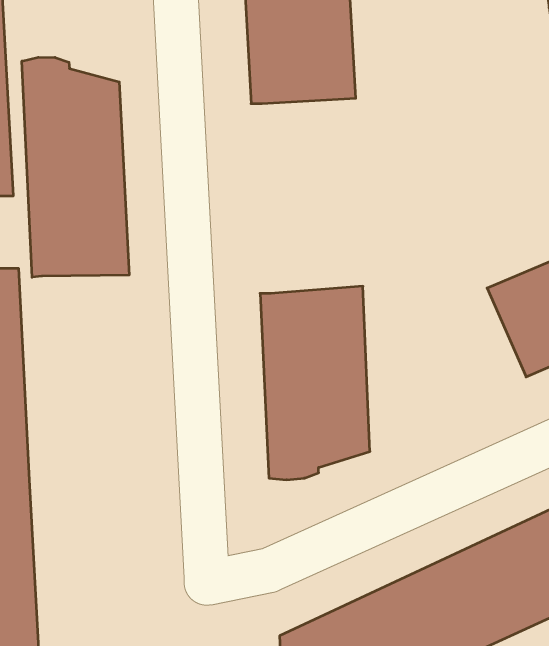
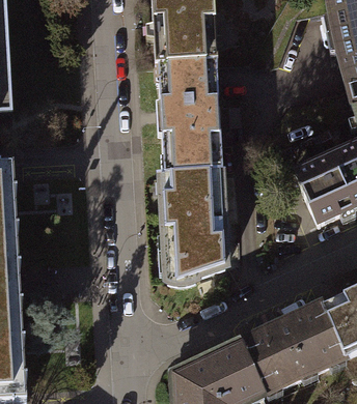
building: [22,57,129,277] -> none
building: none -> [161,63,220,177]

